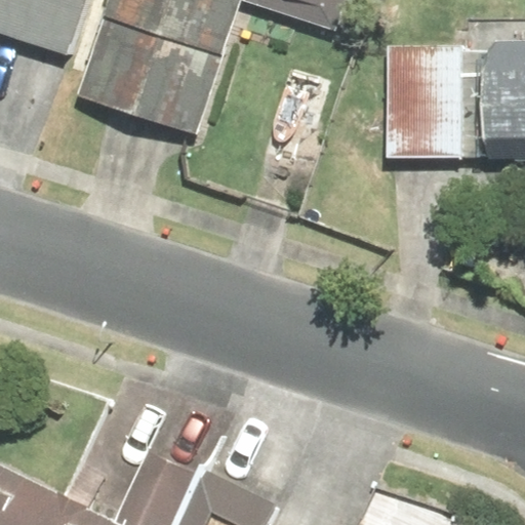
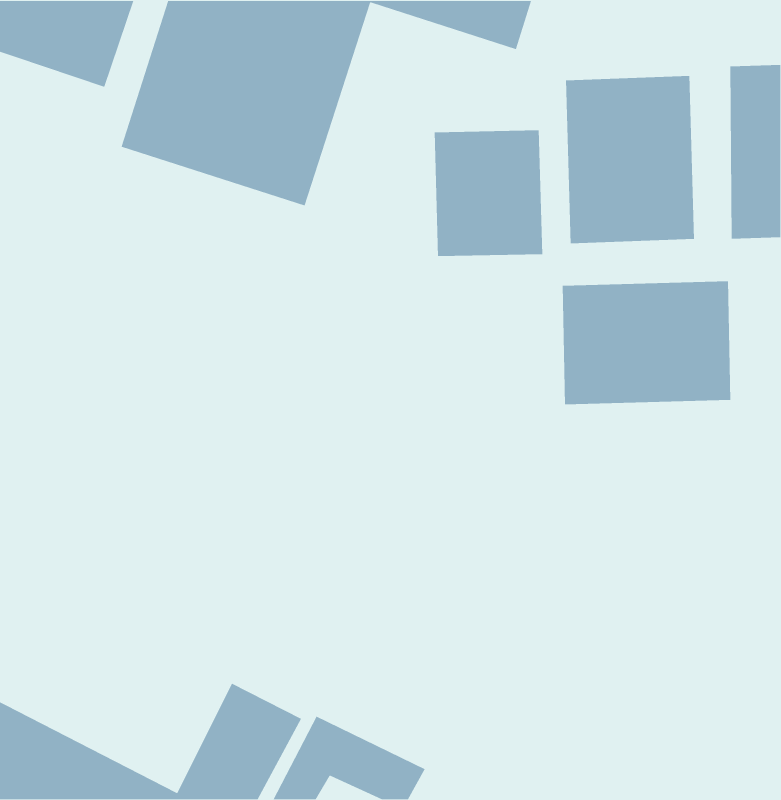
building: none -> [434,130,543,257]
building: none -> [562,280,731,405]

